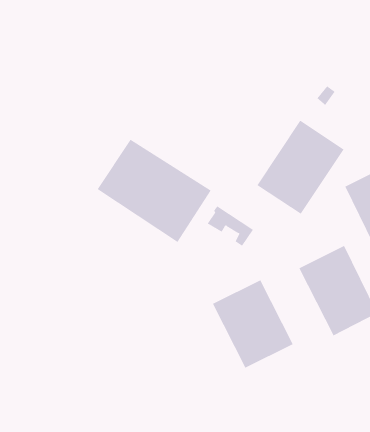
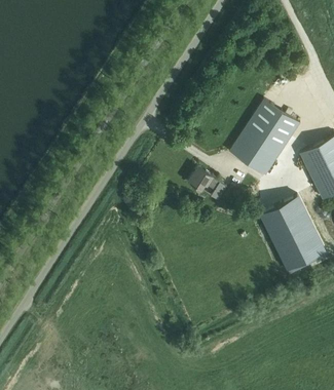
building: [97,139,211,243] -> none
building: [212,279,293,368] -> none

